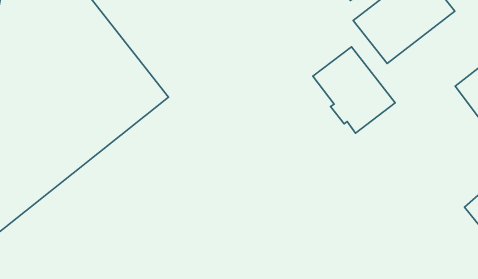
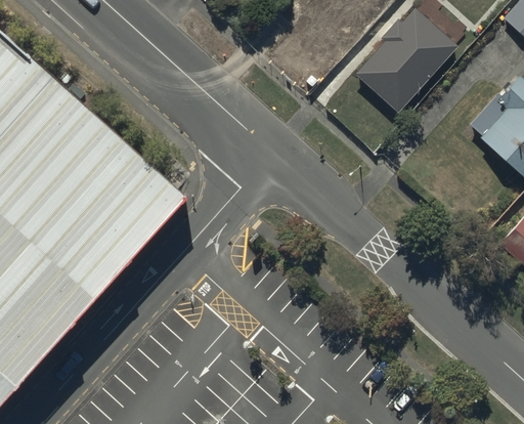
building: [313,47,395,133] -> none

